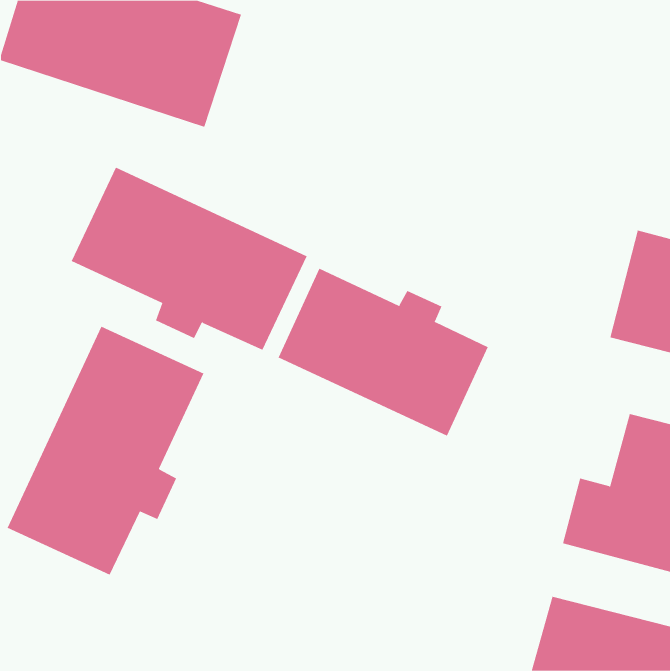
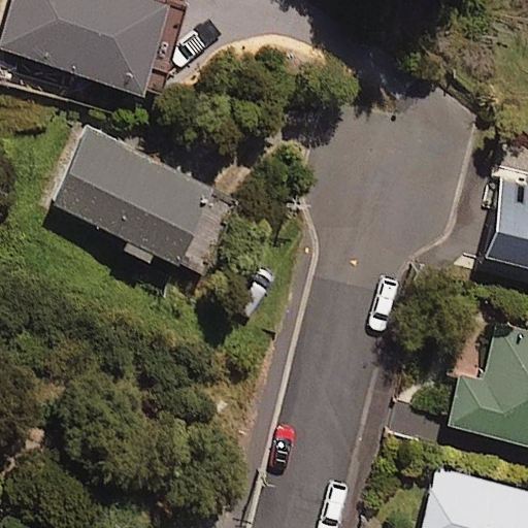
building: [278,268,488,437] -> none
building: [7,326,204,576] -> none

